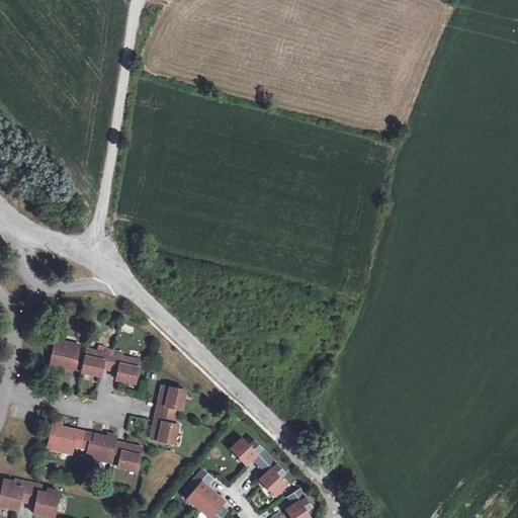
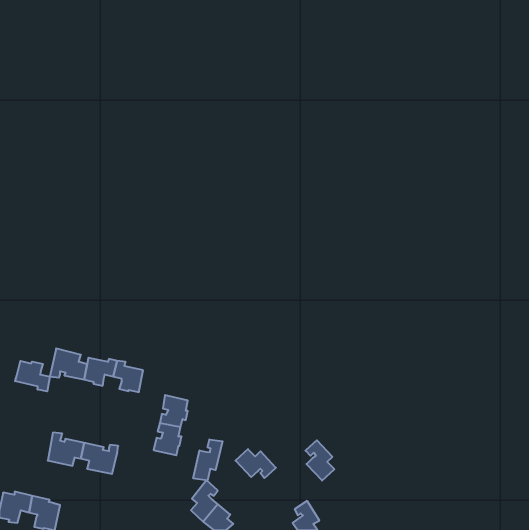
building: none -> [15,361,50,391]
building: none -> [193,439,223,480]
building: [109,442,142,469] -> none
building: [258,456,286,496] -> [305,440,334,481]

